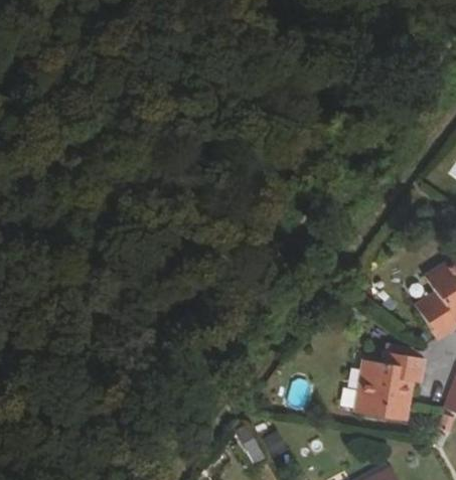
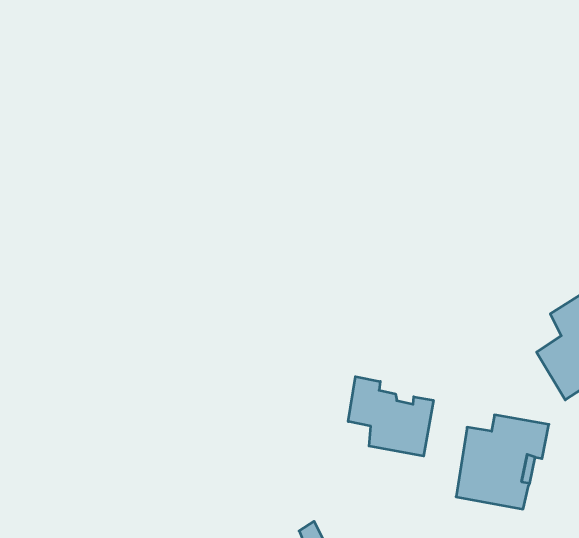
building: none -> [348,377,433,456]

